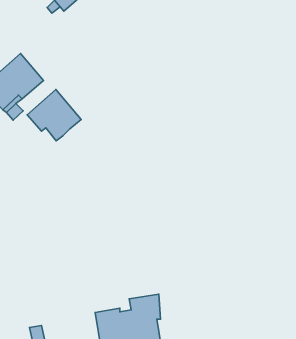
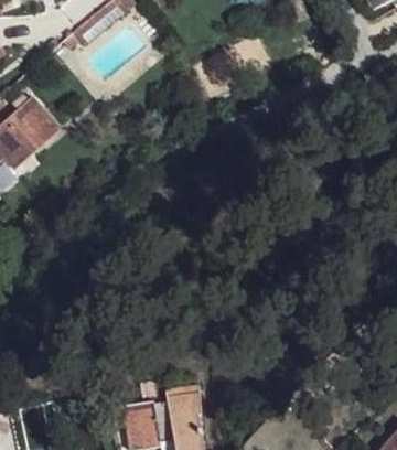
building: [27,90,81,141] -> none

